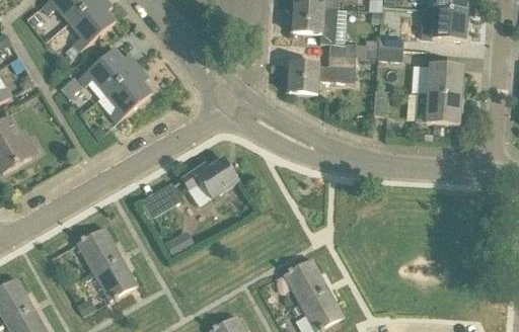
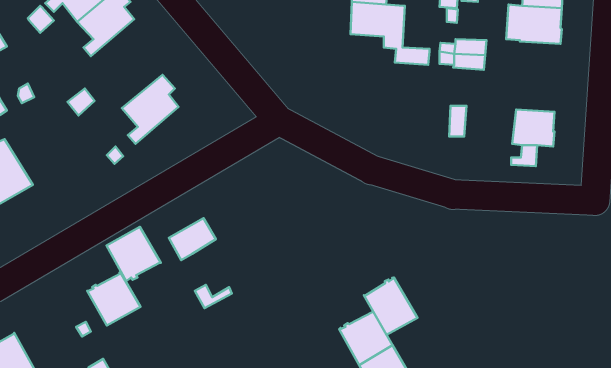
building: [79,48,138,92] -> none
building: [286,55,356,94] -> none
building: [428,64,462,95] -> none
building: [180,157,238,199] -> none
building: none -> [364,278,417,335]
building: [92,255,137,300] -> [106,227,161,281]

